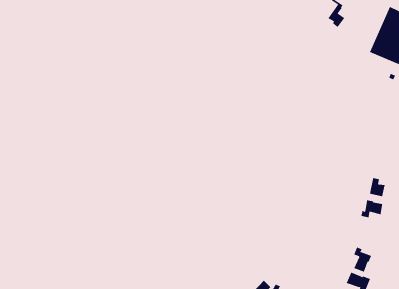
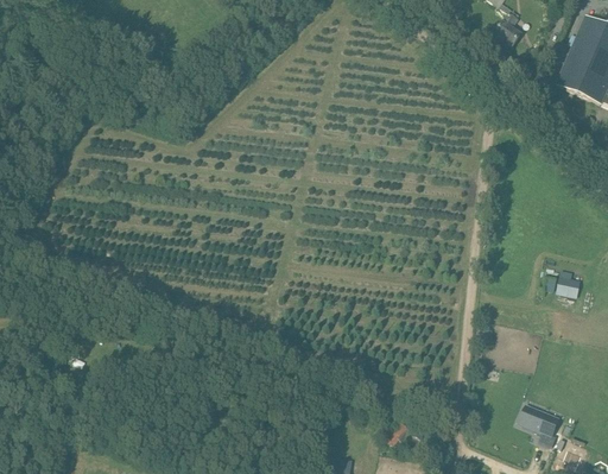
building: [361,199,383,218] -> none
building: [353,247,372,272] -> none

